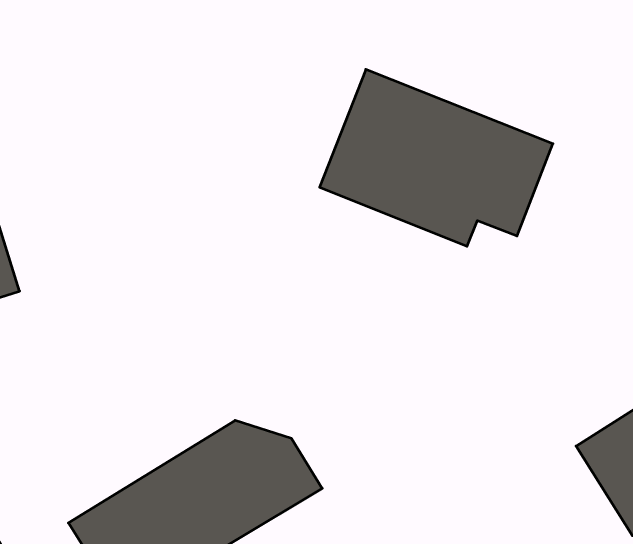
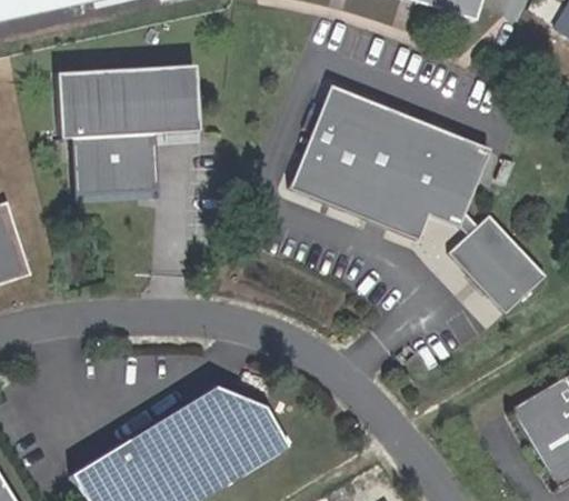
building: none -> [56,66,198,197]
building: none -> [451,216,550,313]

